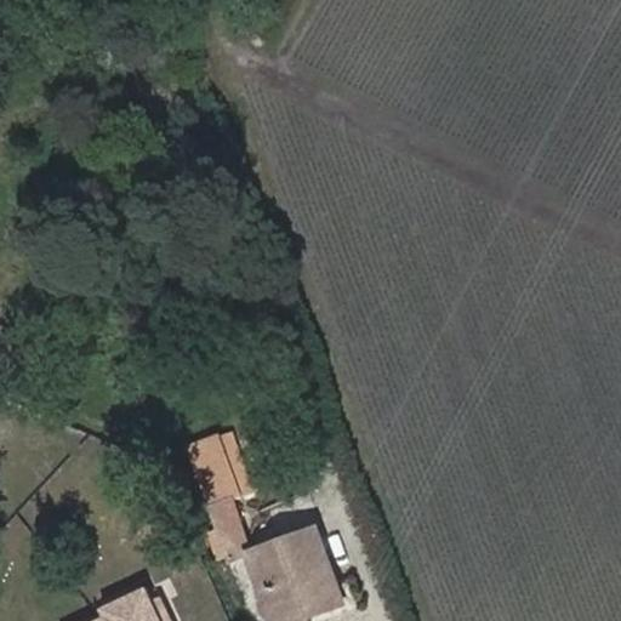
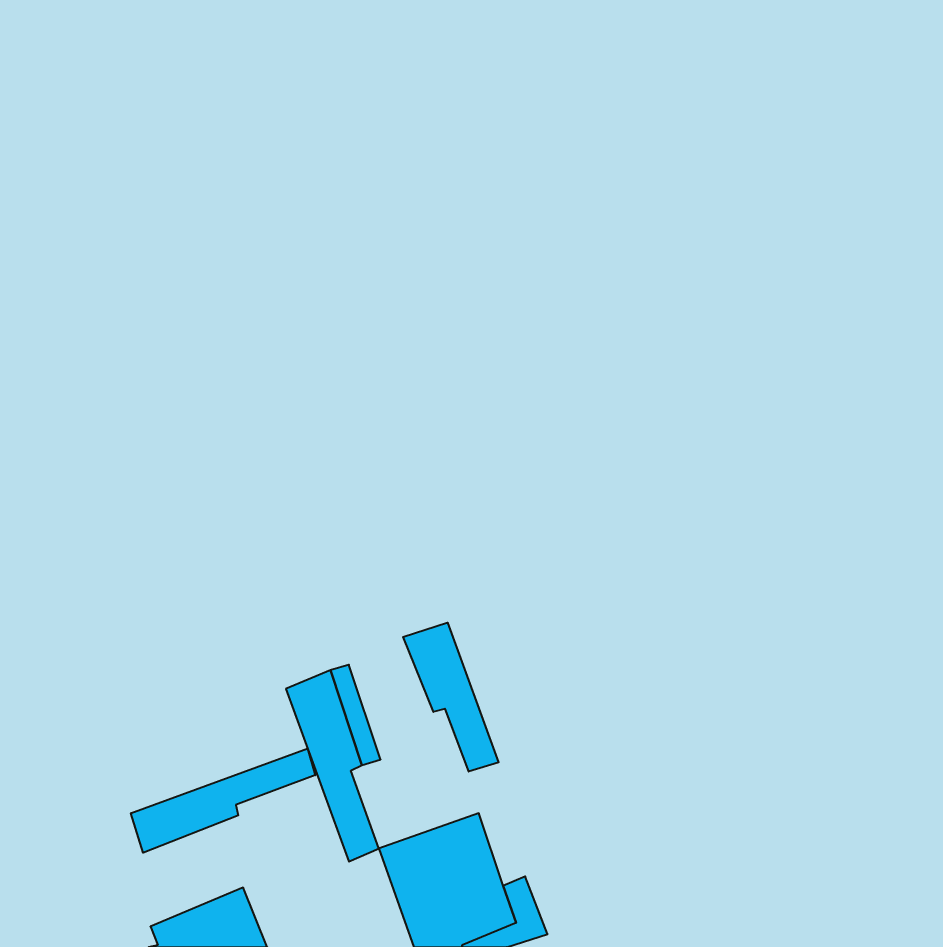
building: none -> [403,623,499,772]
building: none -> [131,748,315,853]

